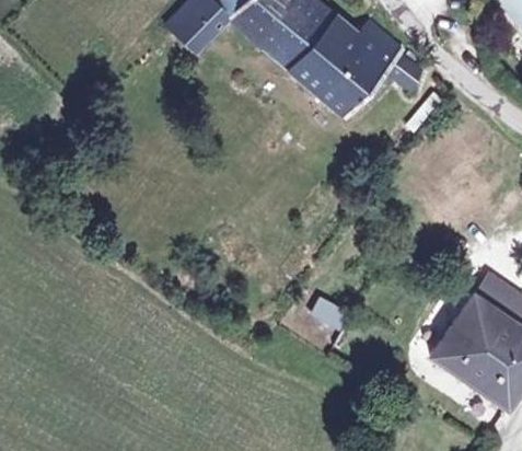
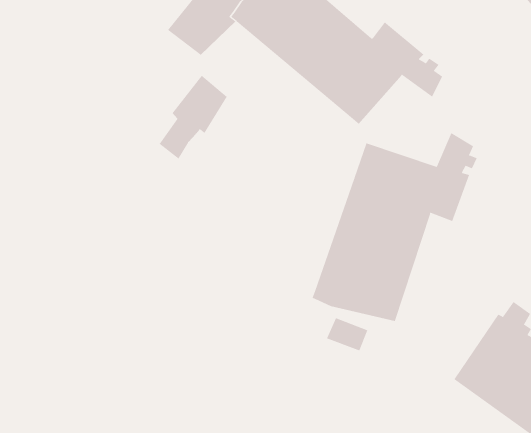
building: none -> [159,75,228,160]
building: none -> [312,132,478,322]

